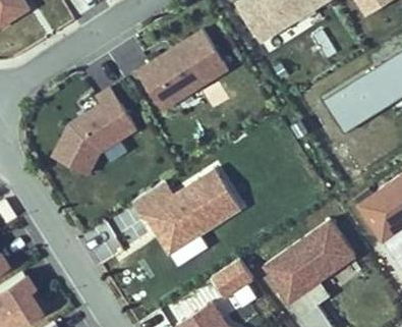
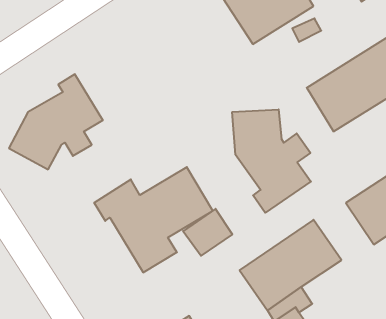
building: [136,30,227,114] -> none
building: none -> [232,109,311,213]
building: [210,253,254,295] -> [183,209,232,256]

